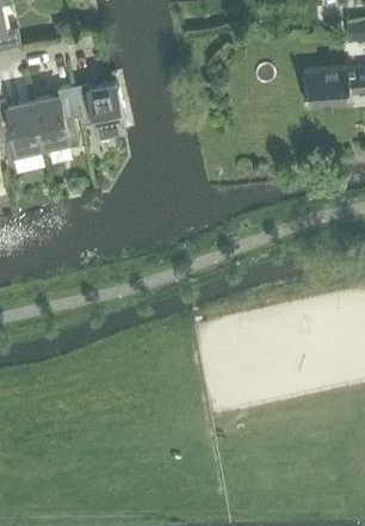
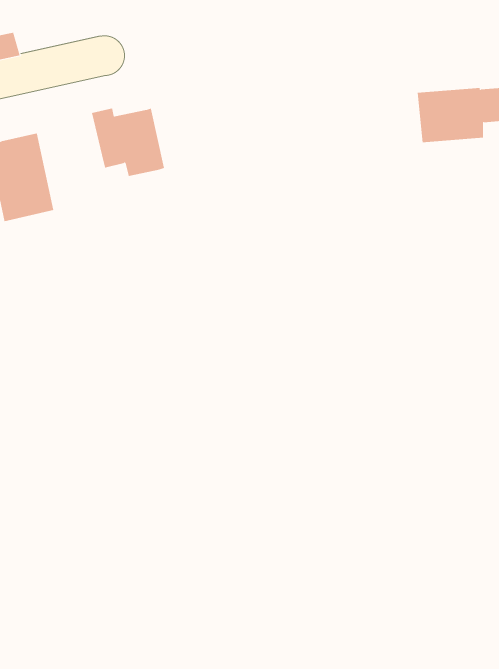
building: [35,85,81,154] -> none

